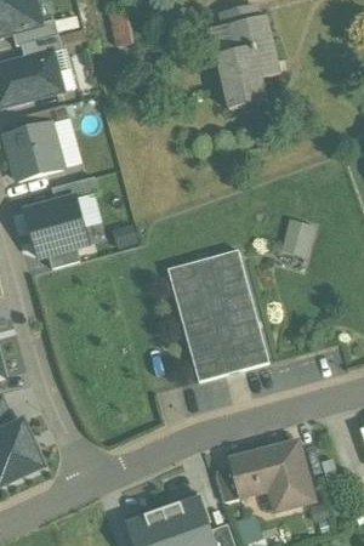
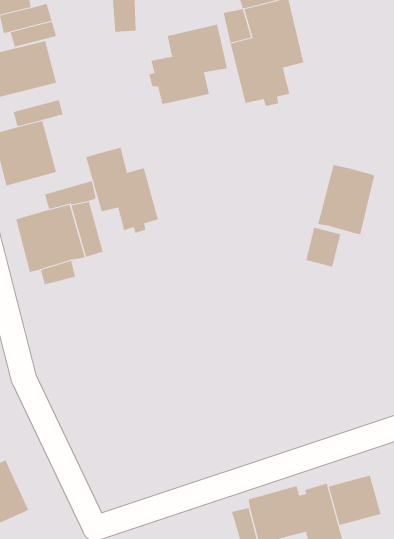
building: none -> [149,24,228,105]
building: none -> [86,147,159,234]
building: none -> [317,164,375,235]
building: [167,249,266,380] -> none
building: none -> [328,475,381,526]

